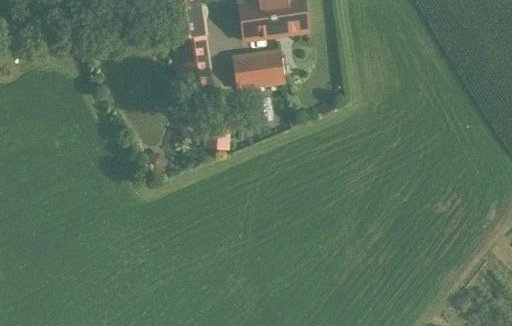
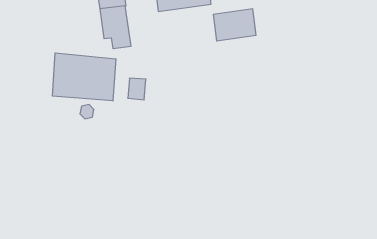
building: [233,50,285,89] -> [213,9,256,41]
building: none -> [52,53,116,101]

